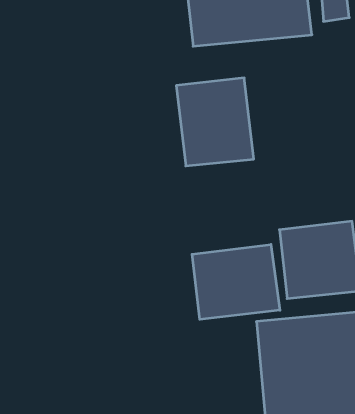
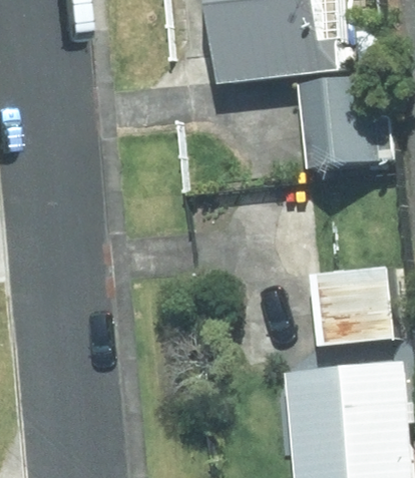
building: [176,78,254,166] -> [296,74,377,166]
building: [192,244,280,319] -> none

